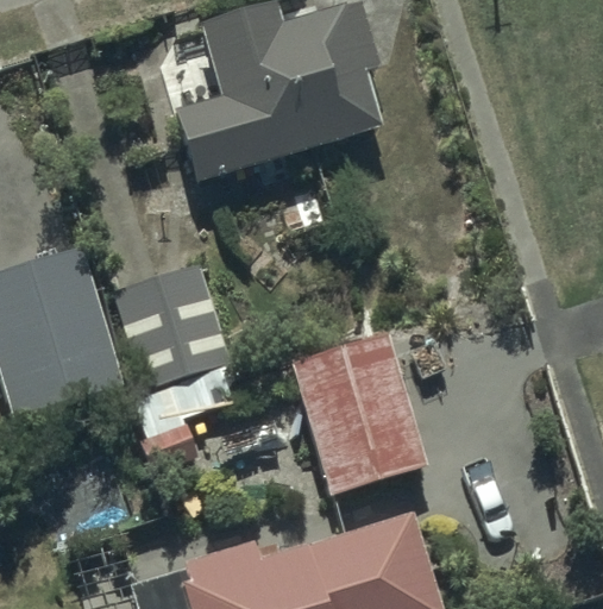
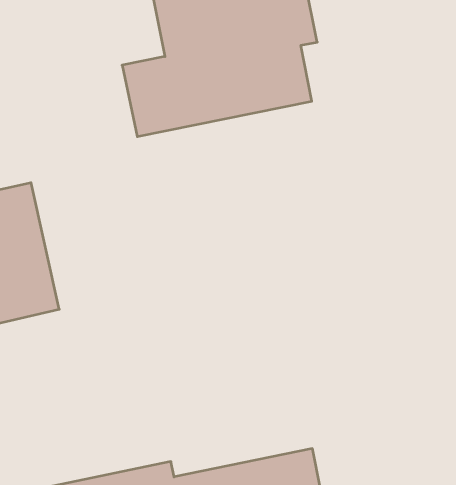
building: [112,264,231,391] -> none
building: [289,335,427,495] -> none

